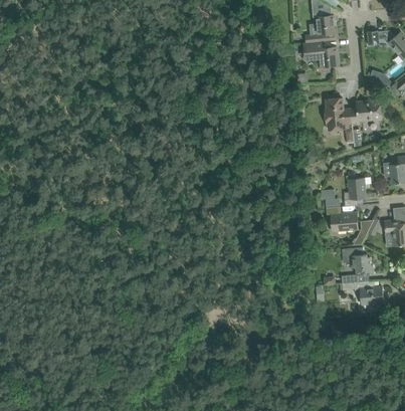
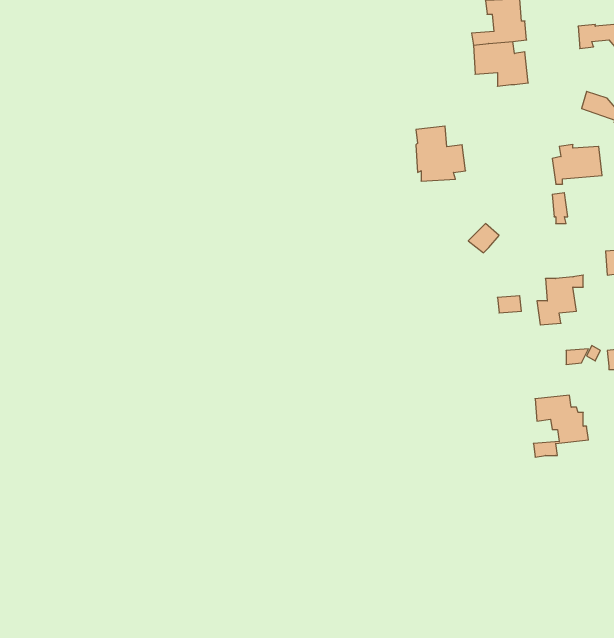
building: [326,97,355,130] -> [416,126,466,181]
building: [327,206,358,231] -> none
building: [352,280,384,304] -> none

